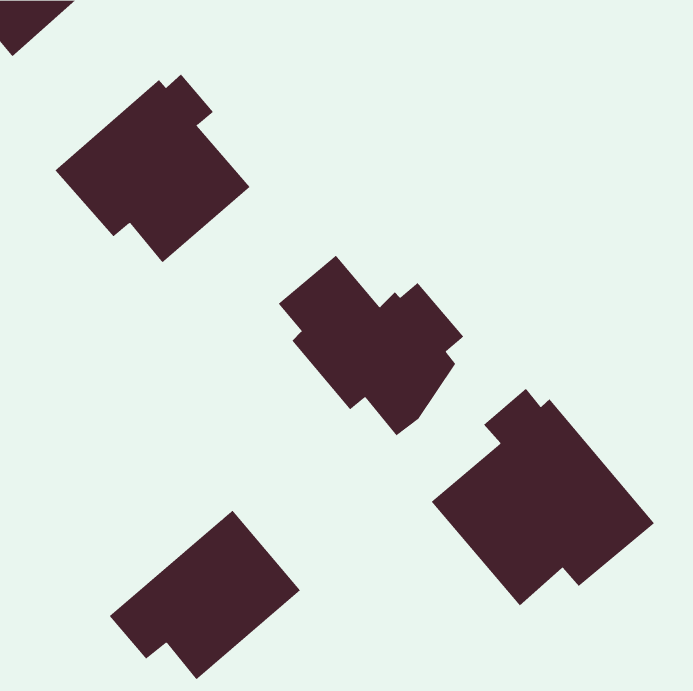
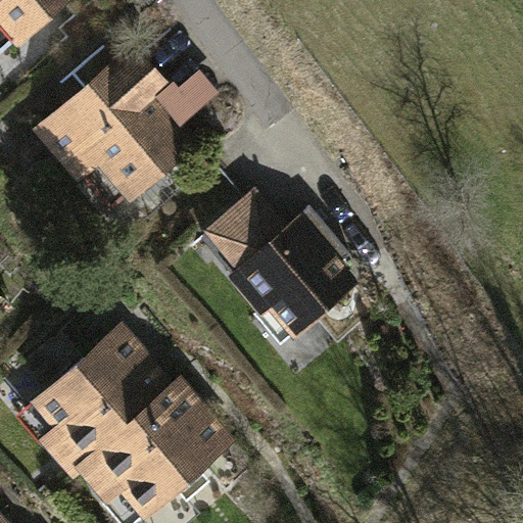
building: [431,388,655,606] -> none
building: none -> [38,333,167,472]

